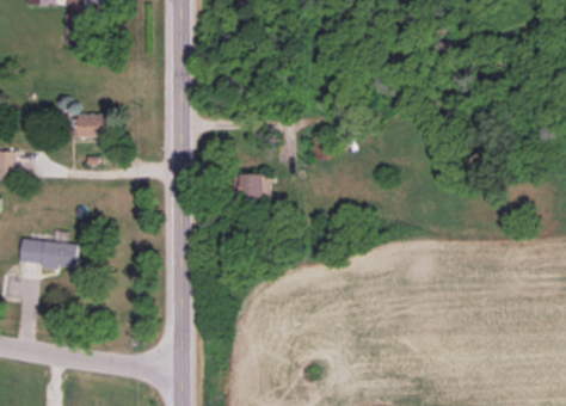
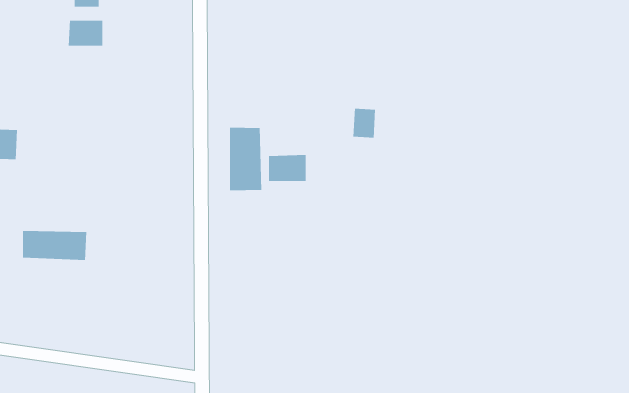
building: [78,115,109,137] -> [68,20,103,46]
building: none -> [230,127,262,191]

